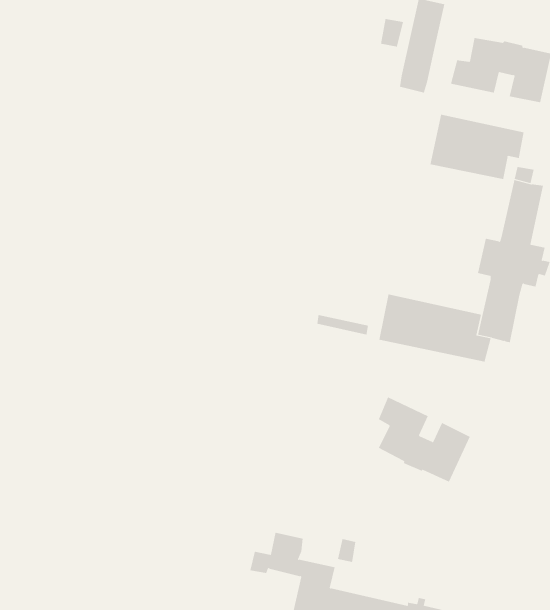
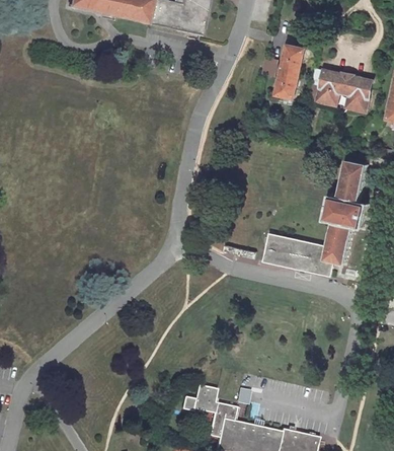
building: [430,114,524,180] -> none
building: [378,397,471,483] -> none

